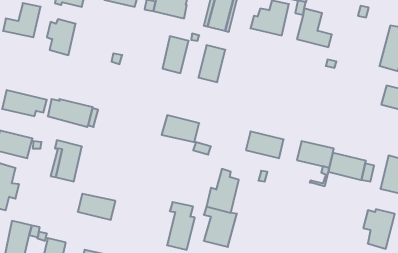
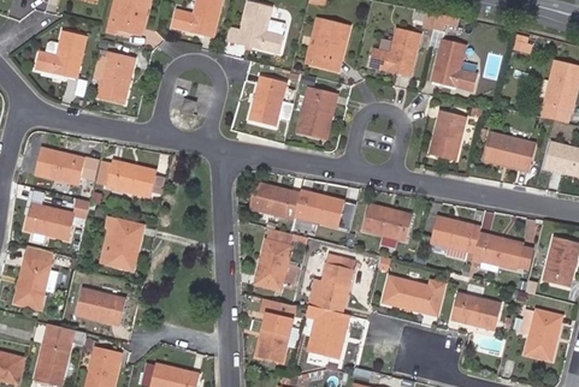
building: none -> [430,109,465,160]
building: none -> [484,133,534,168]
building: none -> [294,190,344,226]
building: none -> [255,227,308,288]
building: none -> [382,275,448,316]
building: [78,194,115,220] -> [76,288,126,323]
building: none -> [451,293,501,328]

